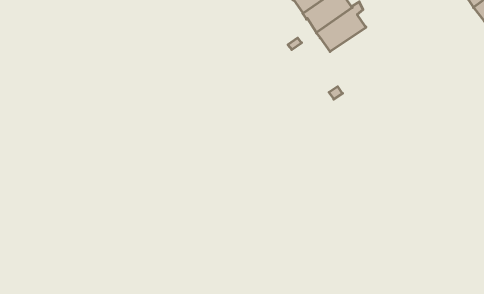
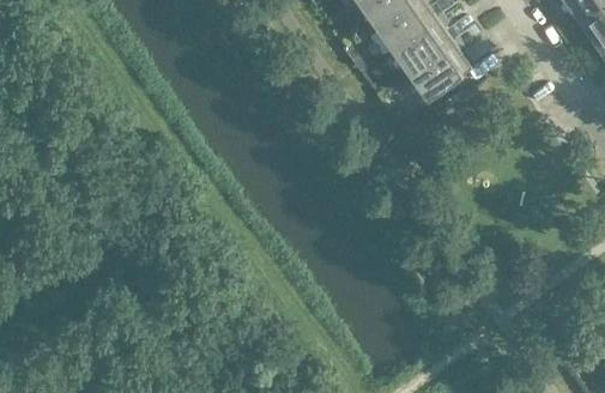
building: none -> [407,41,468,103]

